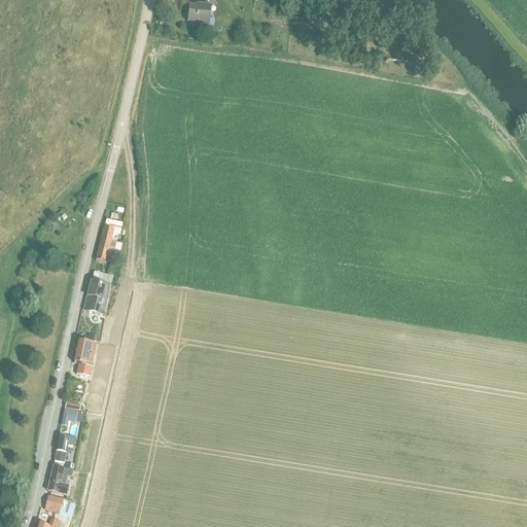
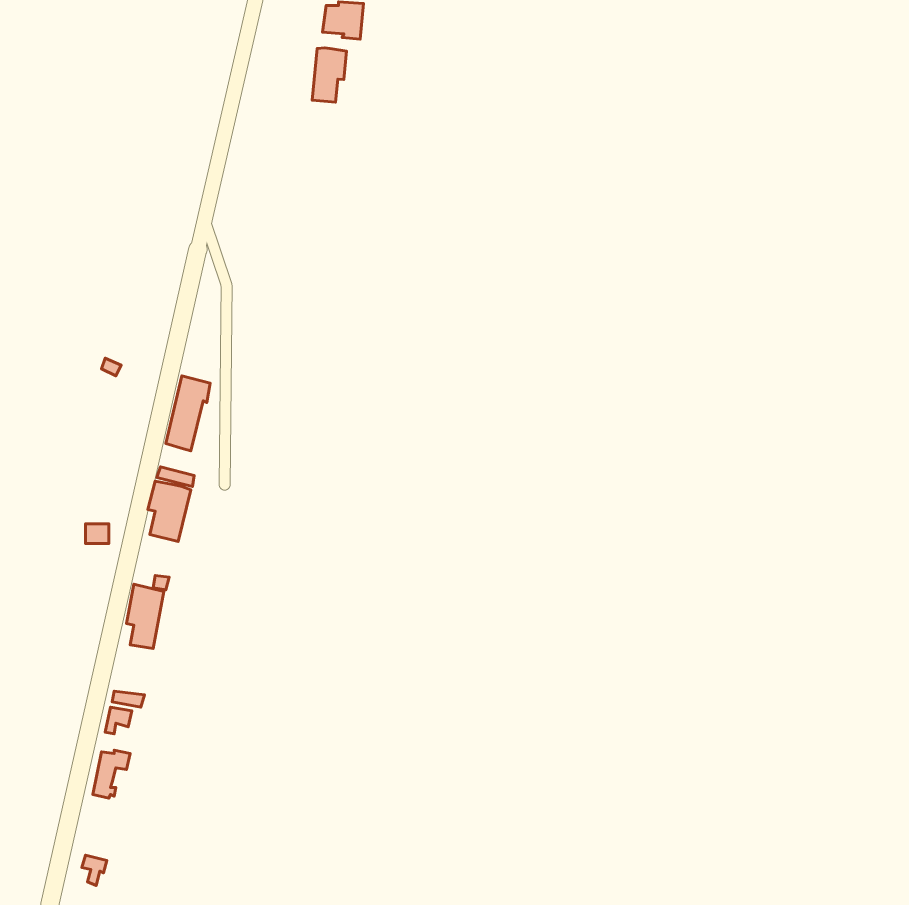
building: none -> [312,48,346,102]
building: [45,463,71,494] -> none

